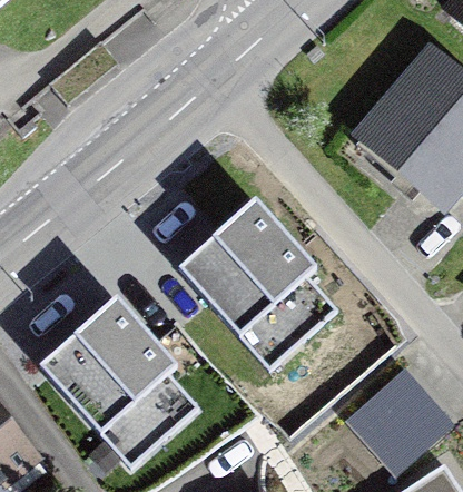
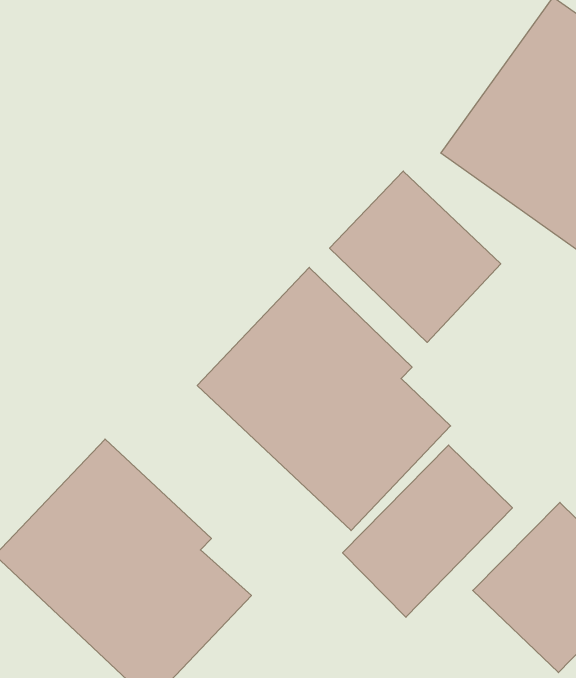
building: none -> [330,171,501,342]
building: none -> [343,445,512,617]

